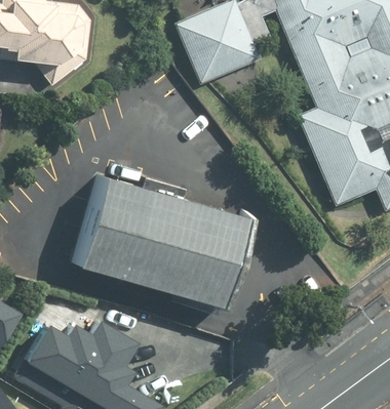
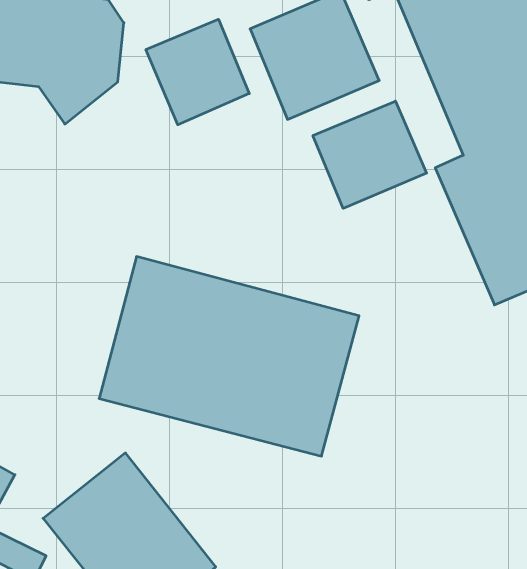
building: none -> [146,19,249,125]
building: none -> [313,101,427,208]

